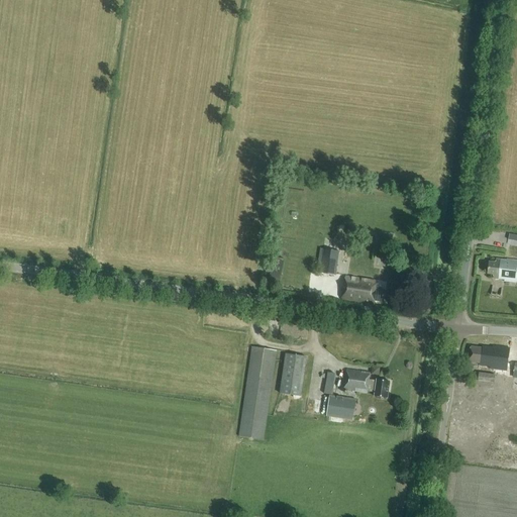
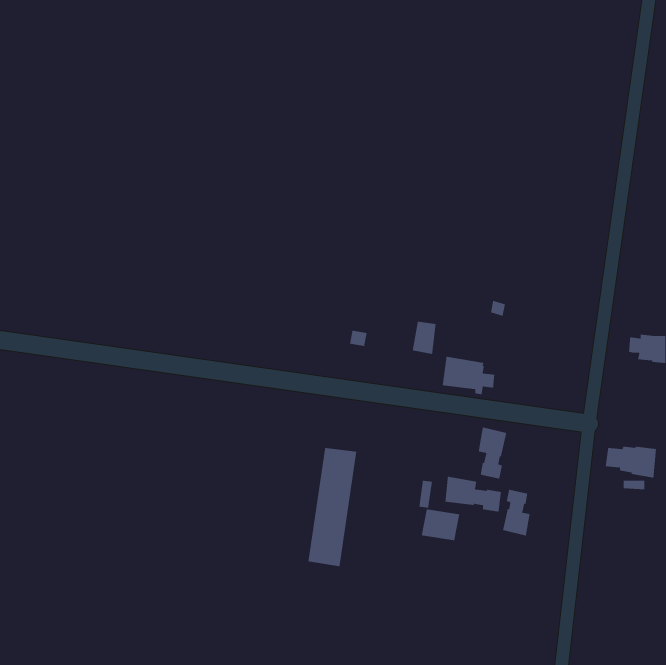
building: none -> [478,426,507,479]
building: [280,352,307,395] -> none
building: none -> [502,489,531,536]

